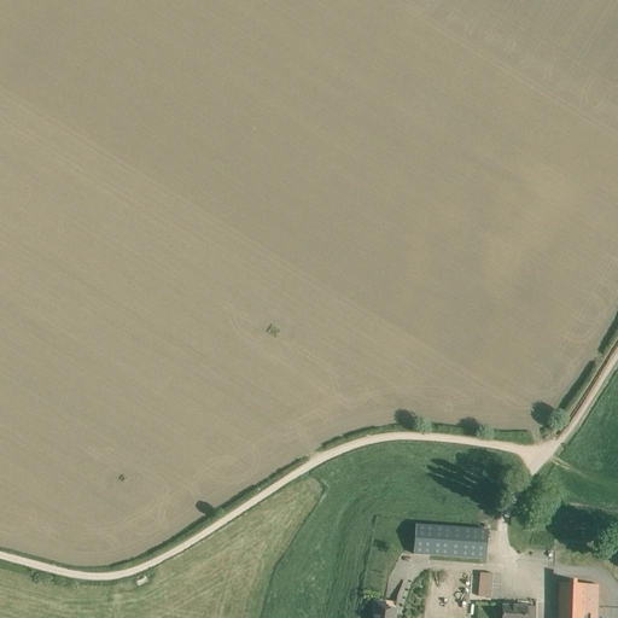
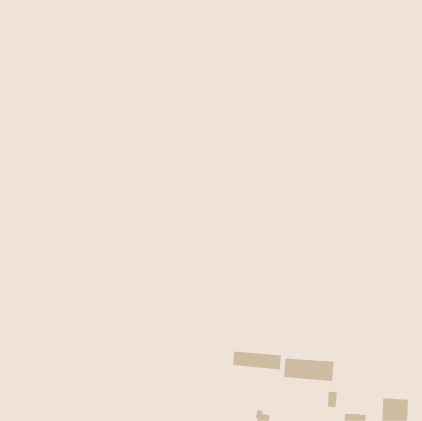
building: none -> [233,351,281,370]

